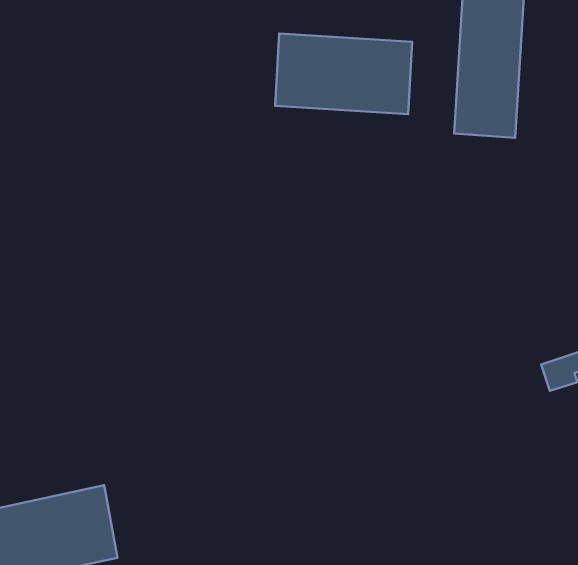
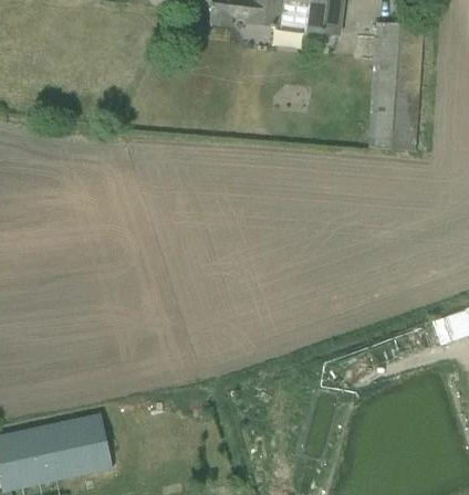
building: [275,34,412,114] -> none

